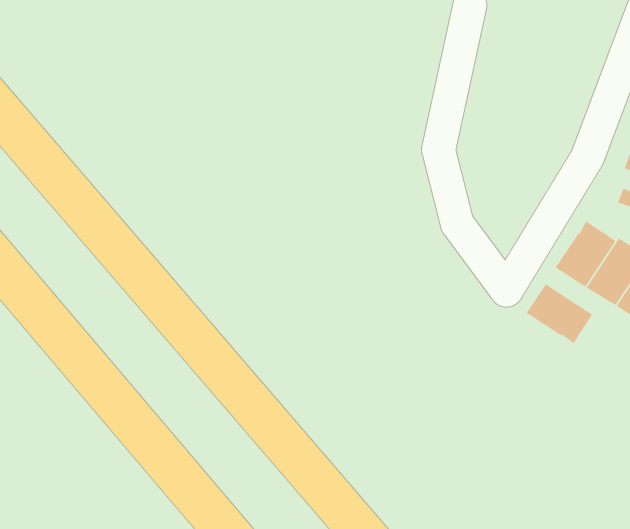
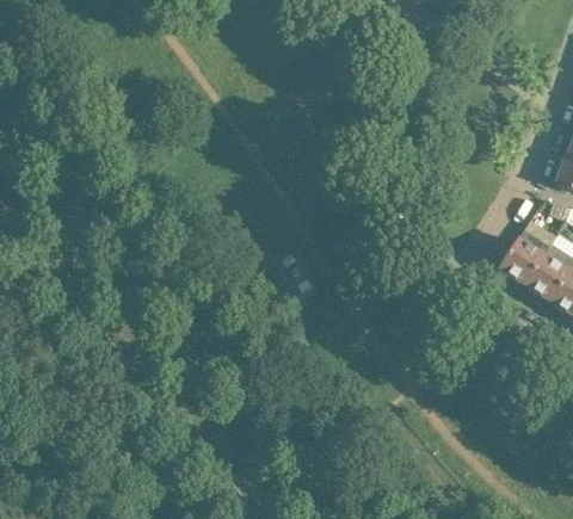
building: [526,283,596,344] -> none

